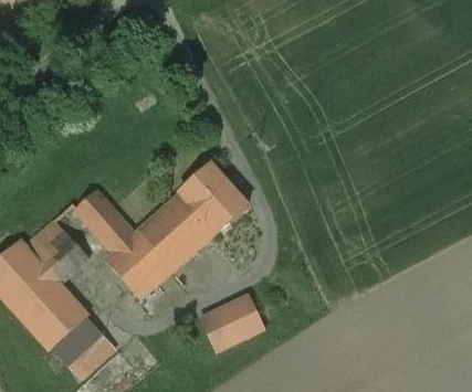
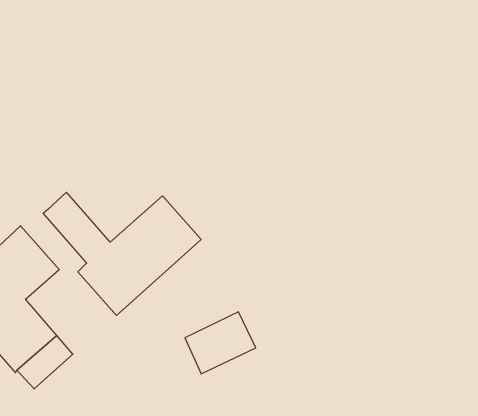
building: [178,162,248,233] -> none
building: [66,332,115,379] -> none

